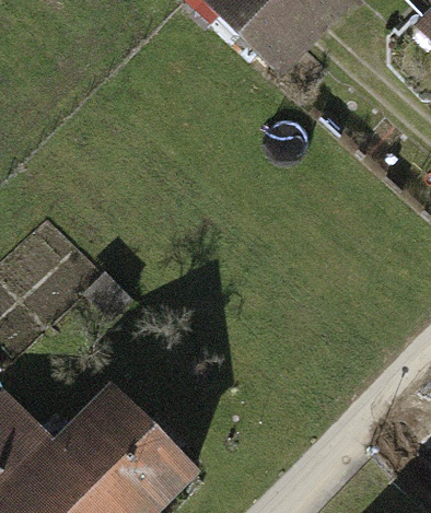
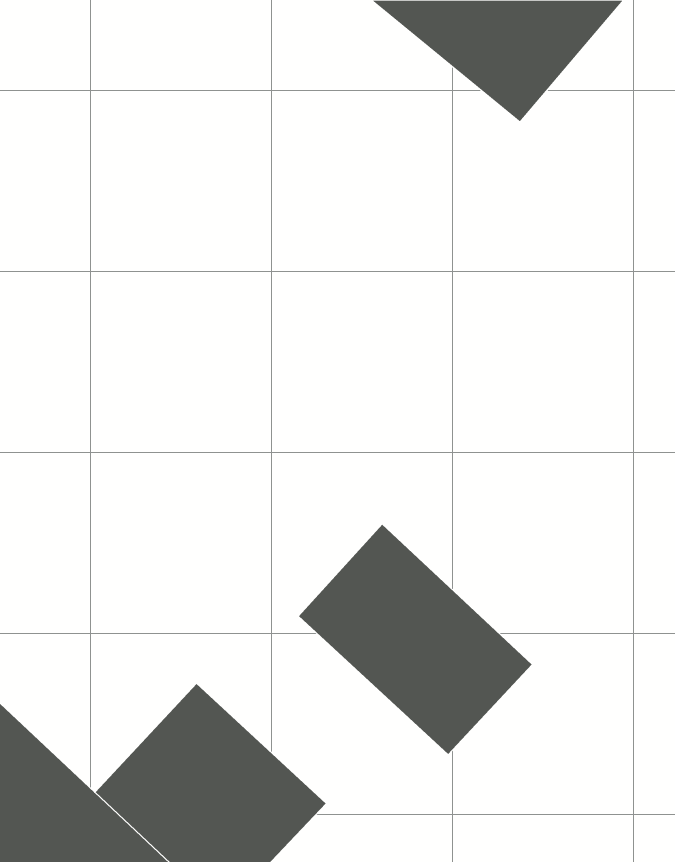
building: none -> [298,524,533,755]

